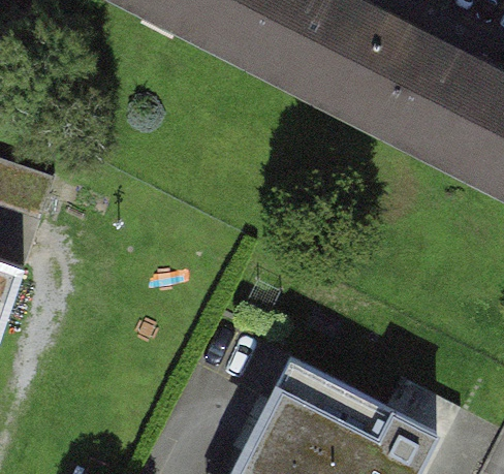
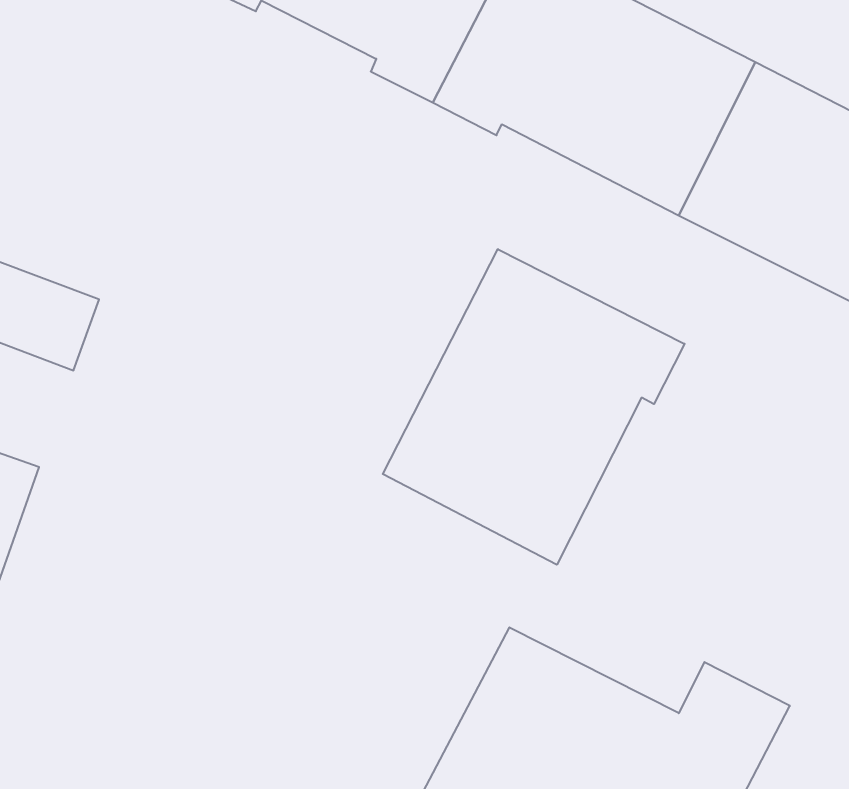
building: none -> [383,249,685,565]

